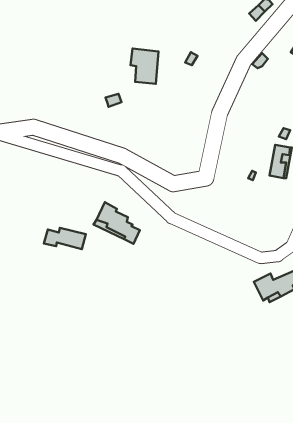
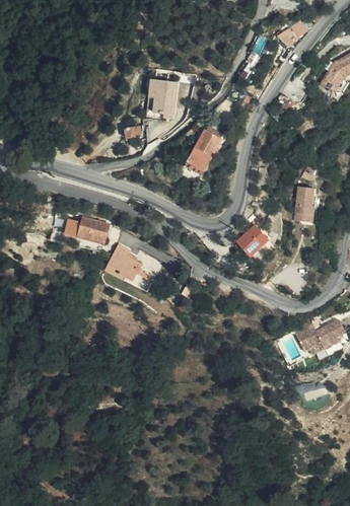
building: none -> [186,132,218,167]
building: none -> [238,225,270,257]
building: [44,228,86,249] -> [63,217,109,240]

